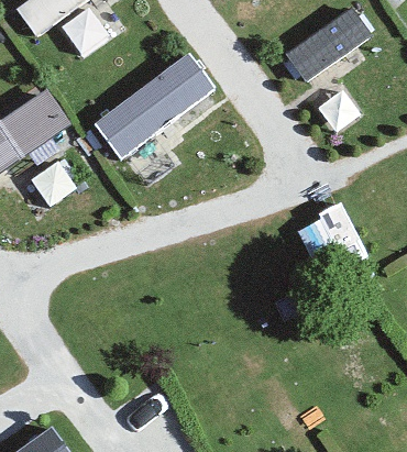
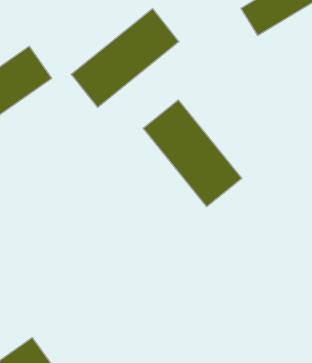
building: none -> [143,100,242,207]

